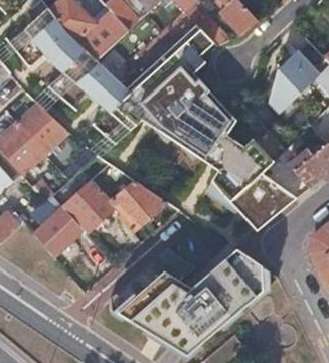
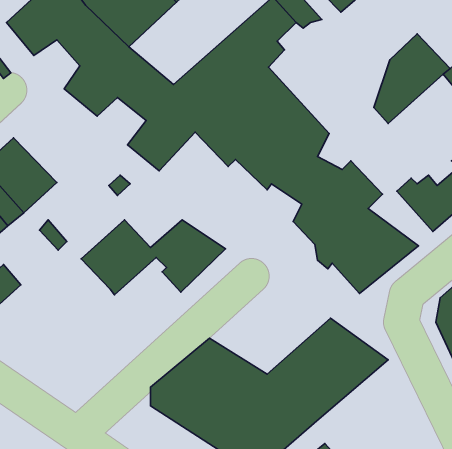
building: [16,102,70,153] -> none
building: [34,206,84,255] -> none

